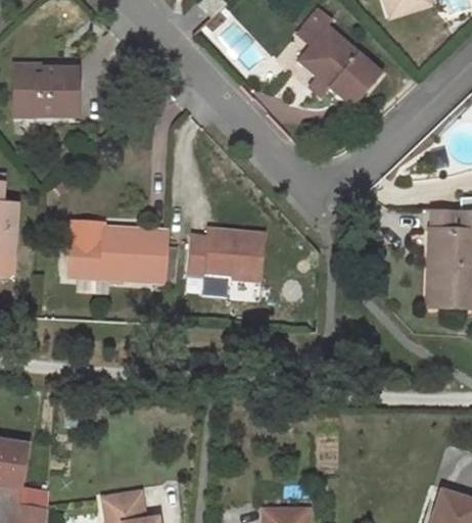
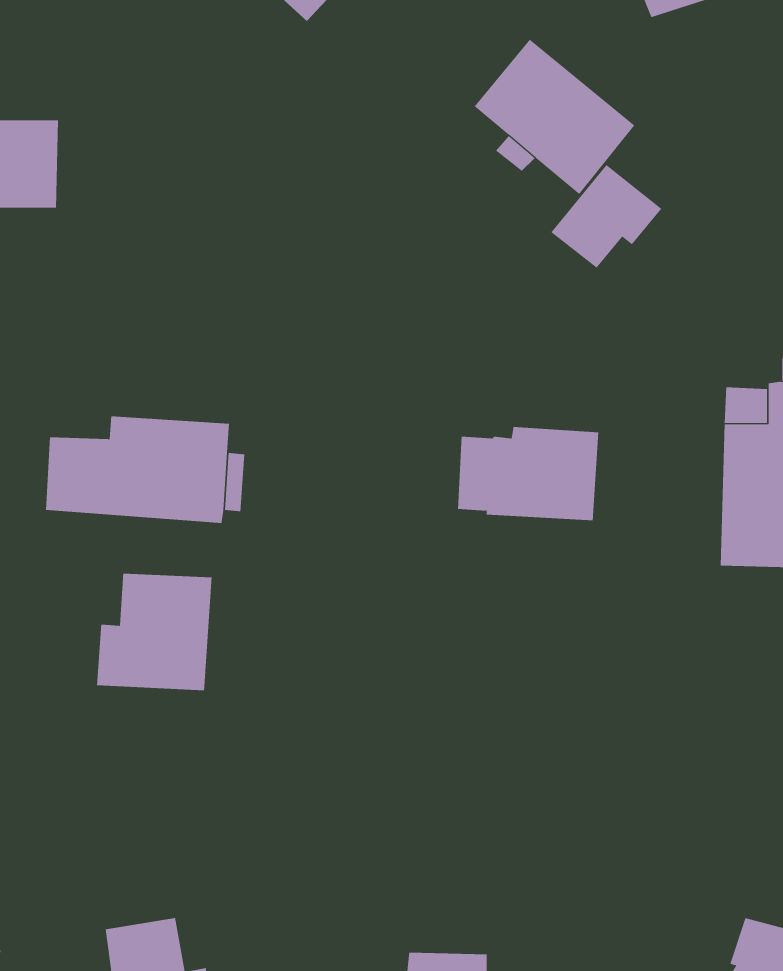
building: none -> [550,164,662,269]
building: [187,229,263,279] -> [457,427,599,521]
building: none -> [97,573,212,691]

